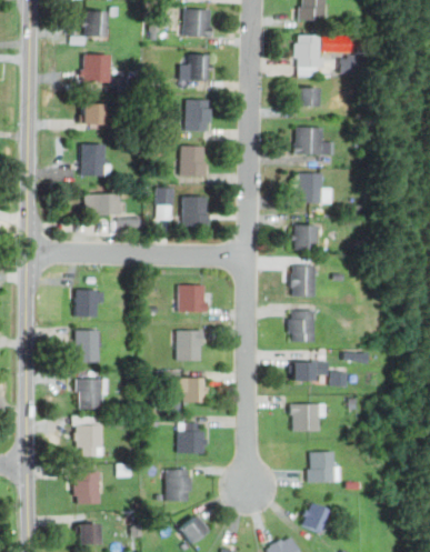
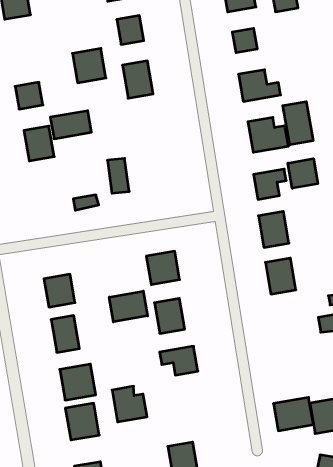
building: [82,53,110,82] -> [72,48,106,83]
building: [181,147,206,177] -> none
building: none -> [283,102,313,145]
building: [86,194,122,215] -> [50,111,91,139]
building: [183,198,208,228] -> none
building: none -> [288,159,318,188]
building: none -> [109,291,148,322]
building: [292,361,328,382] -> none
building: [290,404,324,431] -> [273,397,313,431]
building: [178,423,207,454] -> [112,386,147,422]

